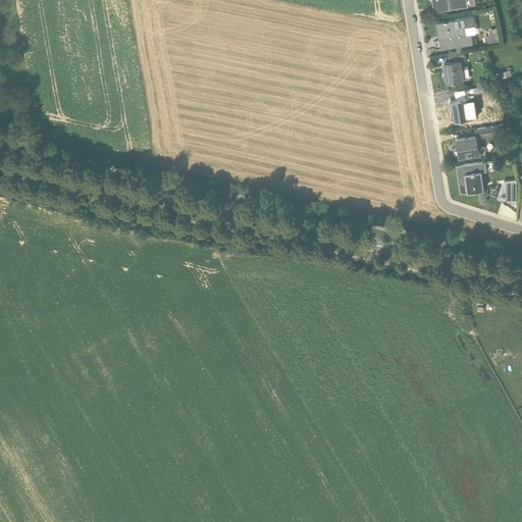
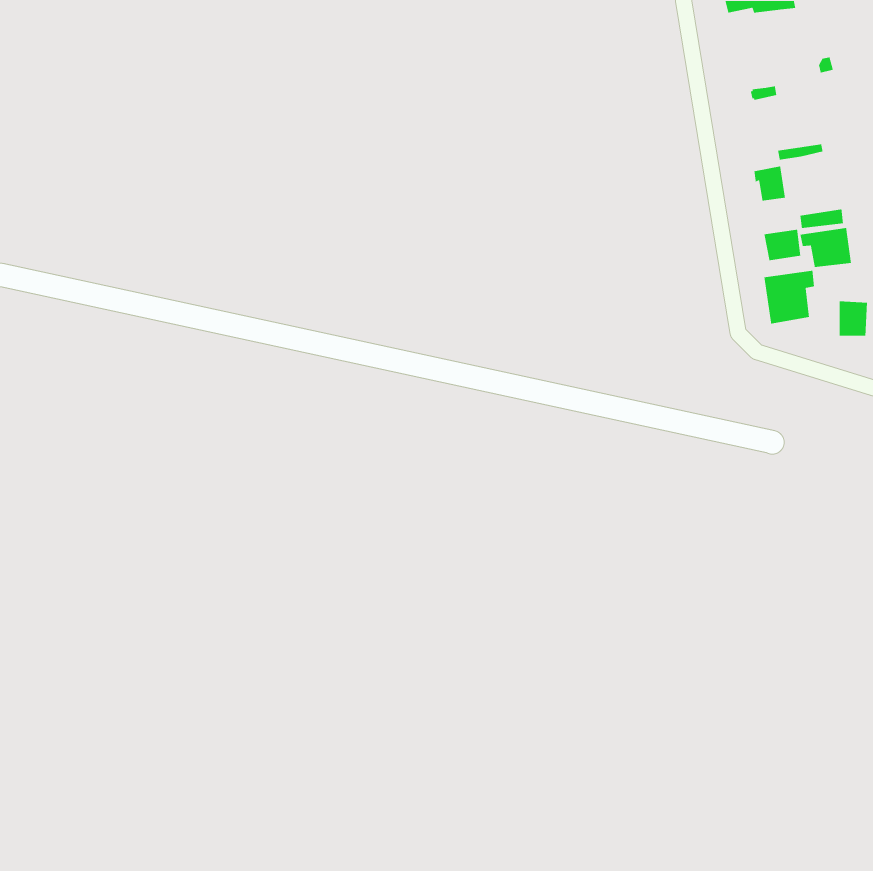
building: [433,16,475,50] -> none
building: [442,62,469,83] -> none
building: none -> [799,227,852,268]

